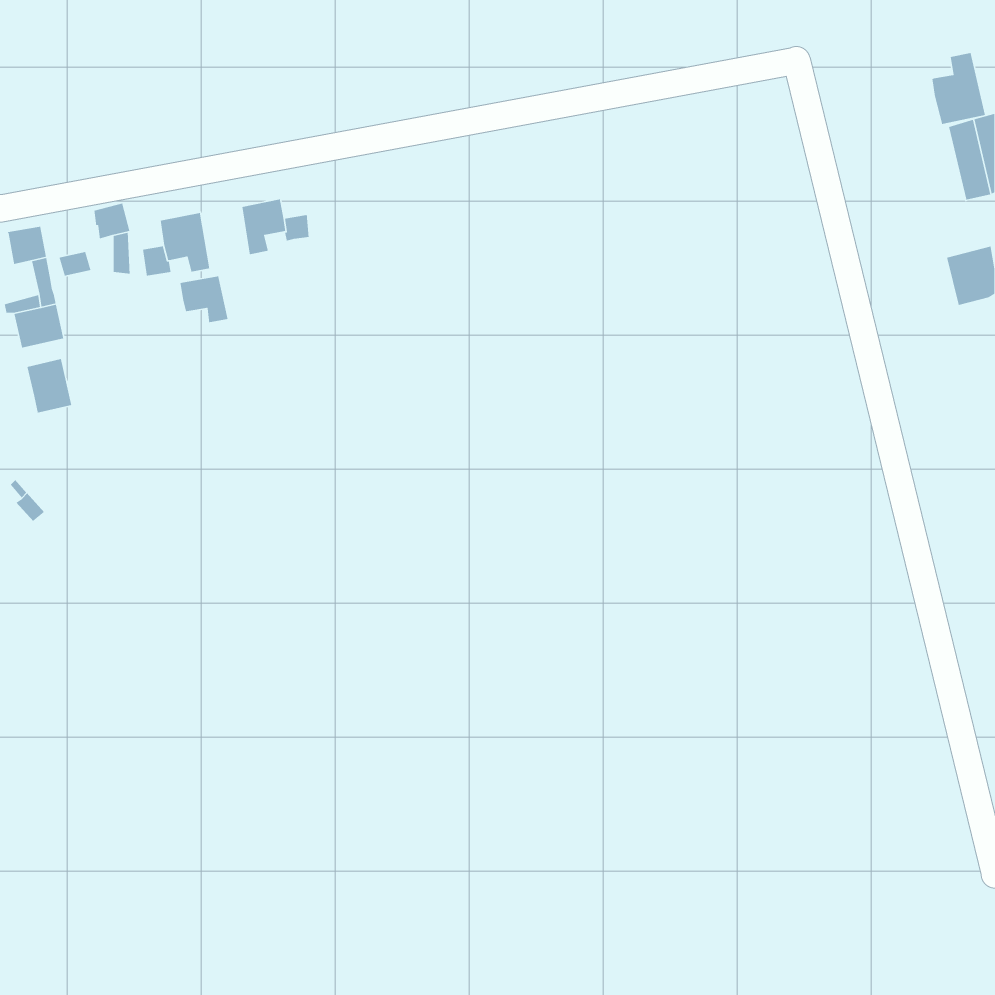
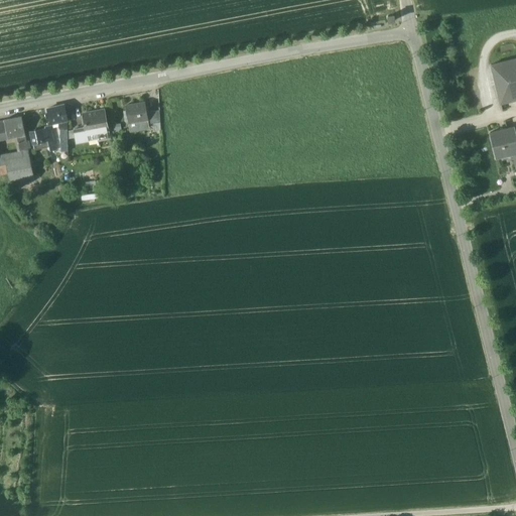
building: [931,52,986,125] -> none
building: [179,276,228,323] -> none
building: [26,358,72,414] -> none

